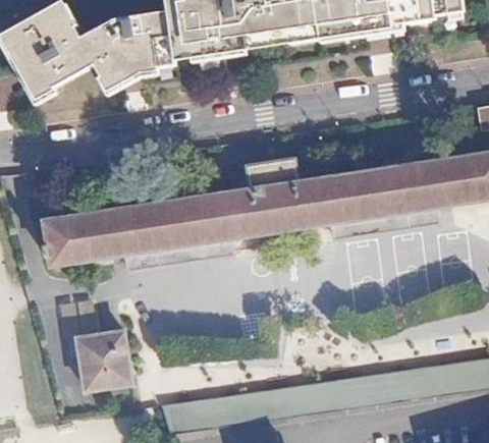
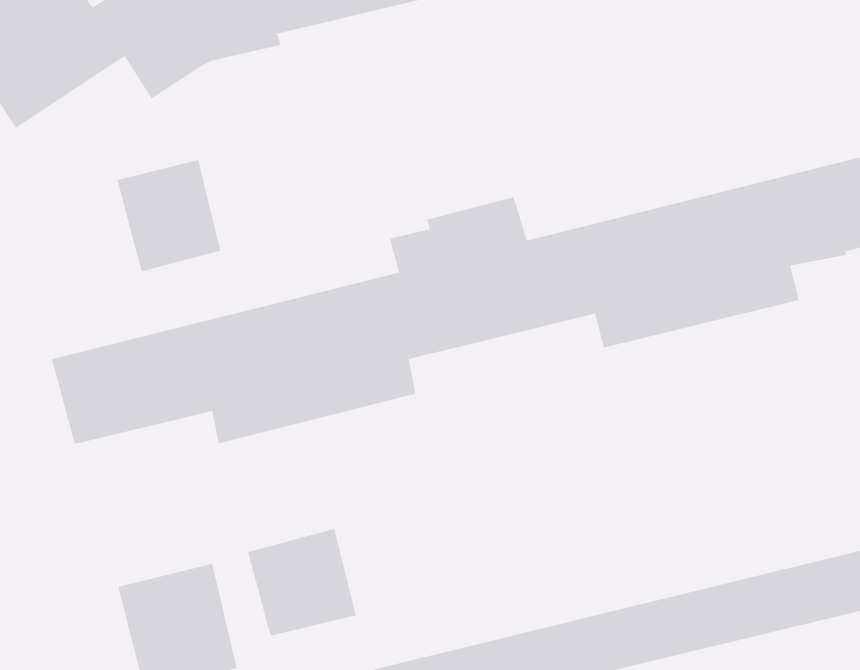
building: none -> [117,159,221,272]
building: none -> [247,528,356,637]

